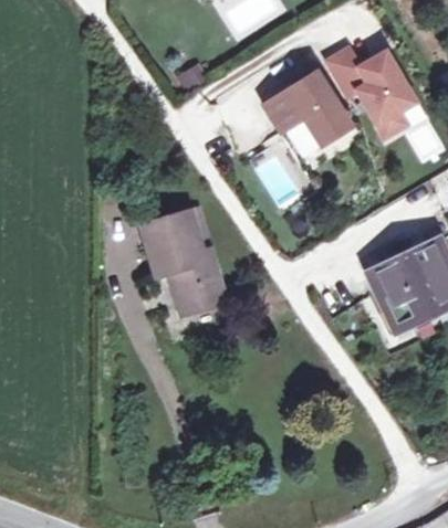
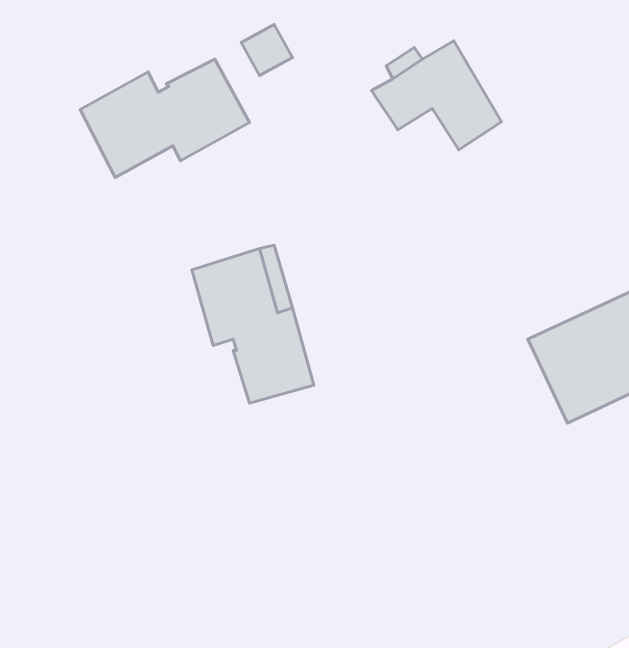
building: [330,50,415,138] -> none
building: none -> [80,59,250,178]

